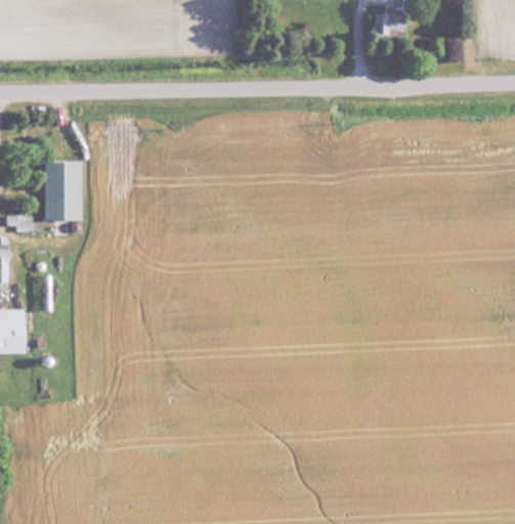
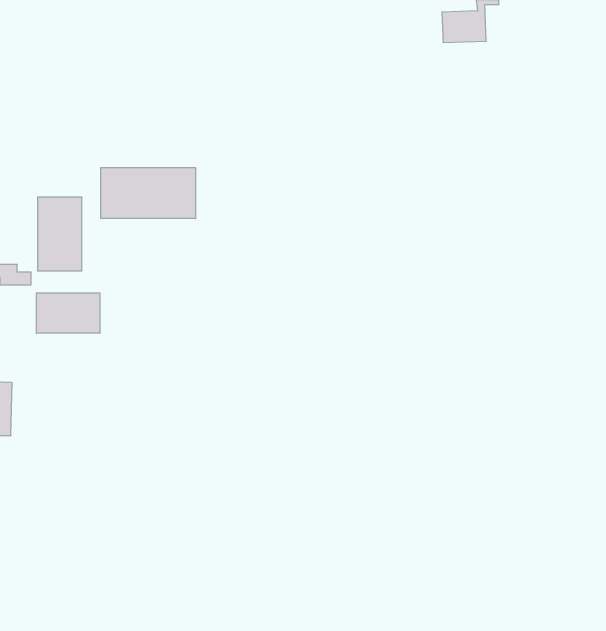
building: none -> [101,168,195,219]
building: none -> [36,293,100,333]

